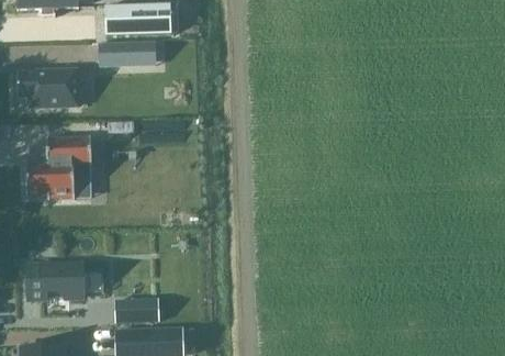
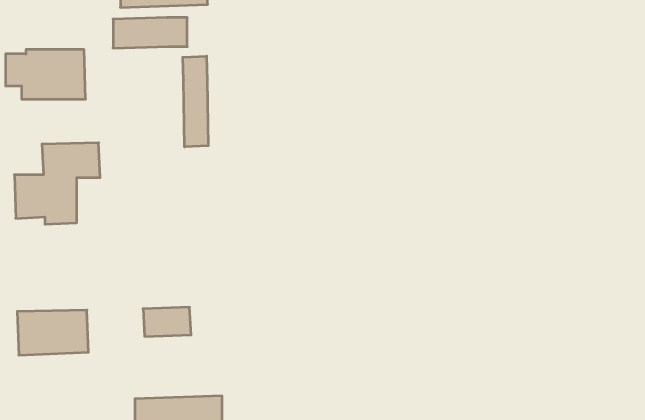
building: none -> [183,56,208,147]
building: [124,299,160,321] -> [143,307,191,336]

